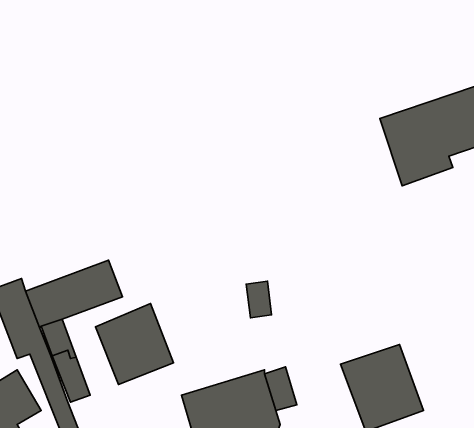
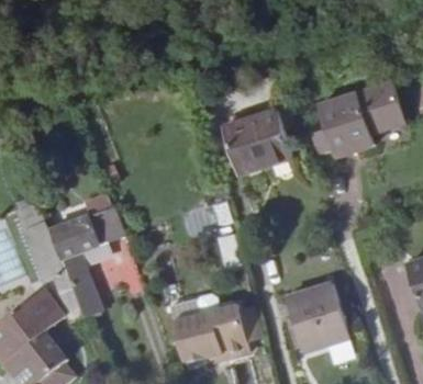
building: none -> [226,109,294,172]
building: [95,303,174,385] -> none

